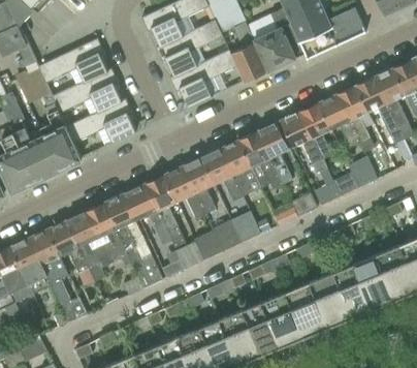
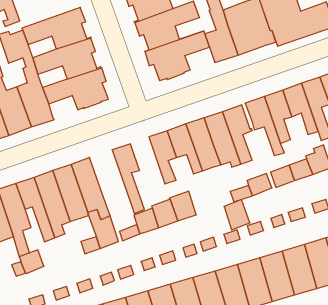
building: [164,166,204,218] -> none
building: [123,184,171,246] -> none
building: [230,210,259,243] -> [224,199,250,230]

